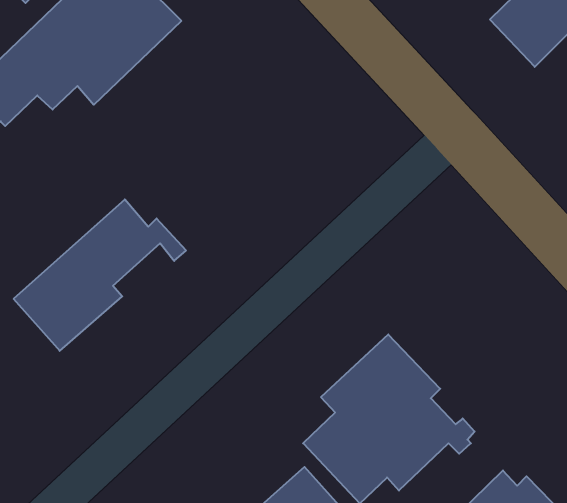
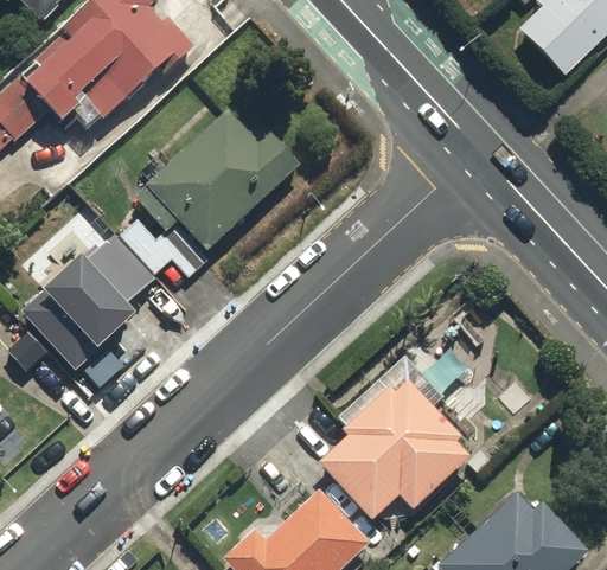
building: none -> [134,105,304,252]

